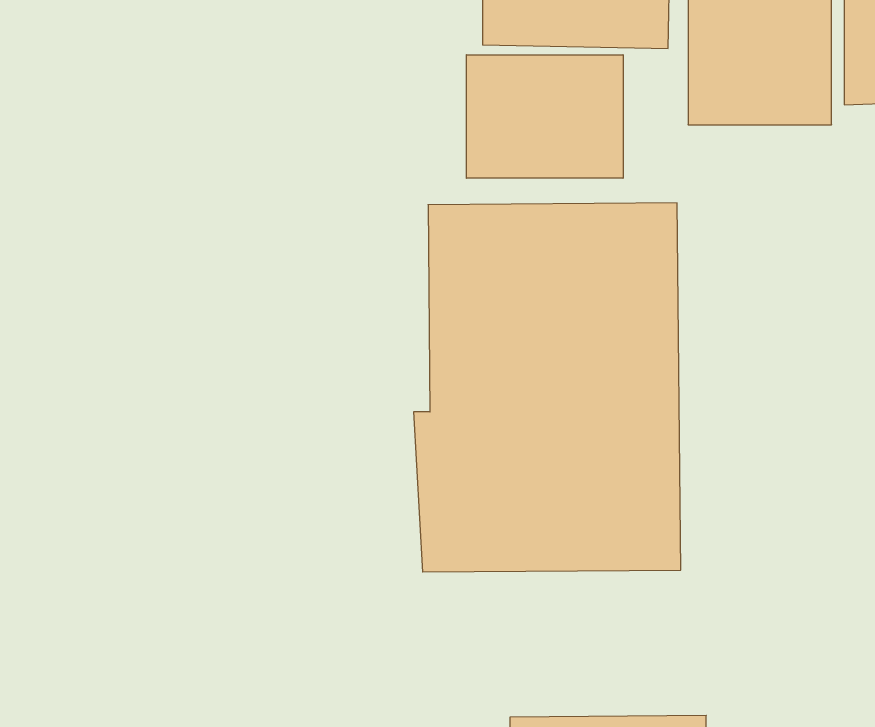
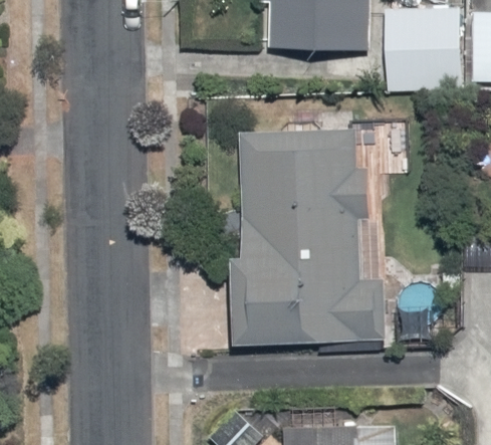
building: [466,55,623,178] -> none

